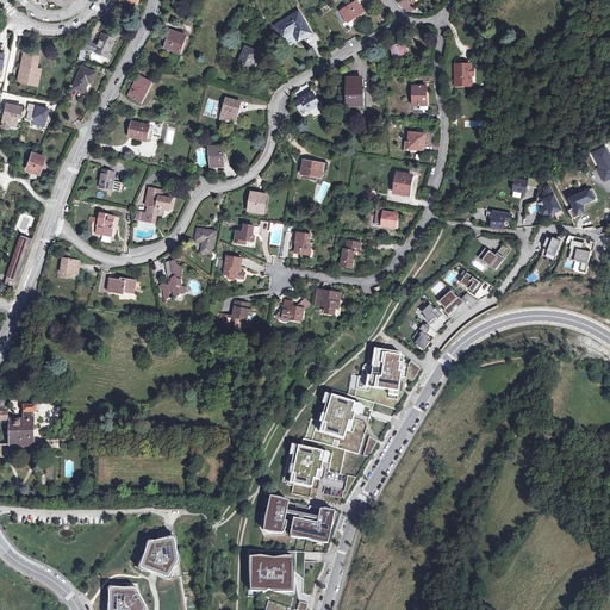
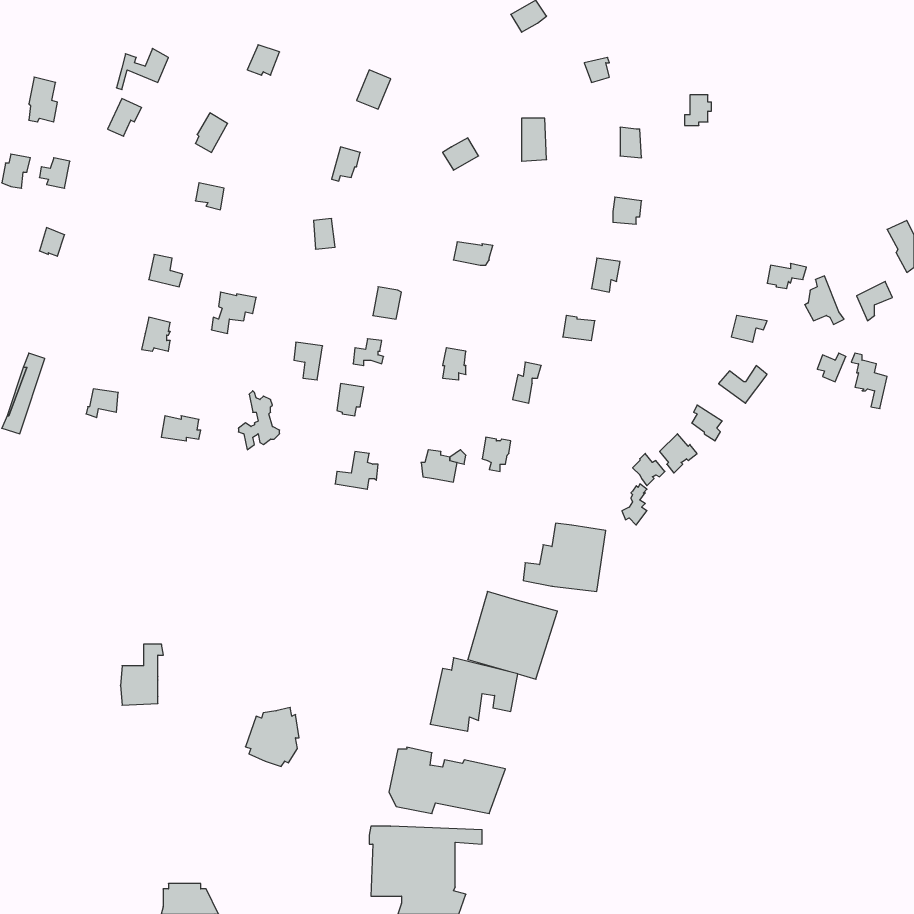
building: [275,11,310,39] -> none
building: [7,404,36,444] -> [120,644,163,705]
building: [141,537,176,577] -> [245,707,299,766]

